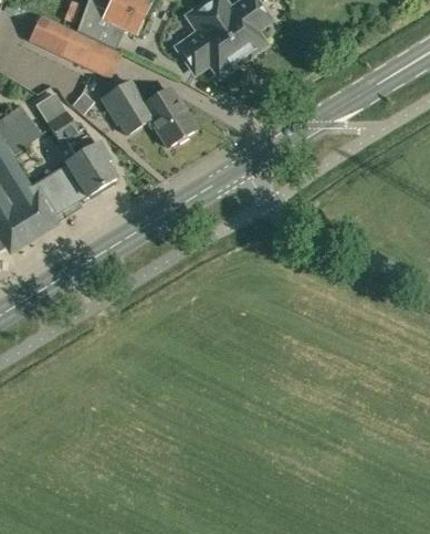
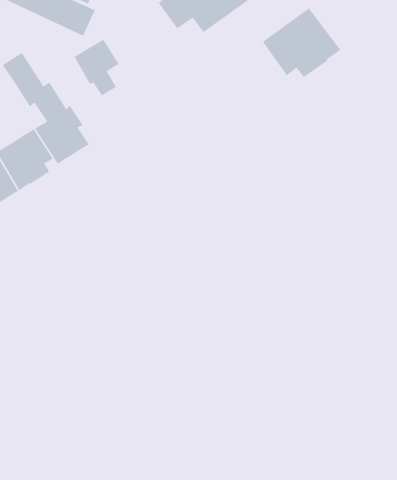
building: none -> [262,8,341,78]
building: [133,86,196,146] -> none

